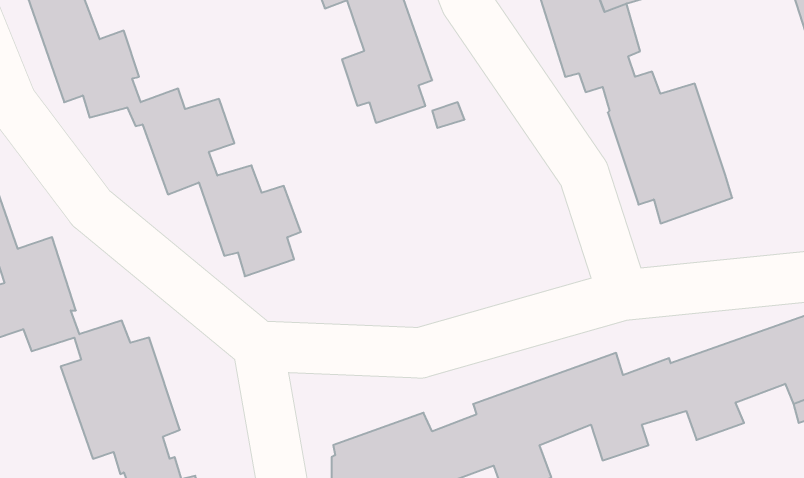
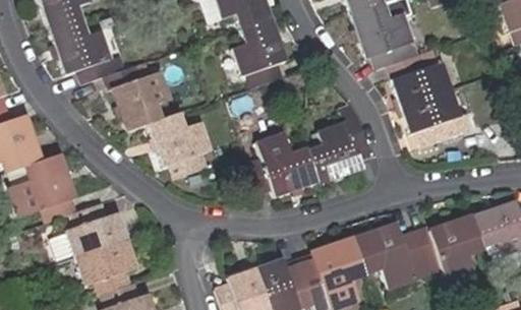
building: none -> [246,122,369,196]

